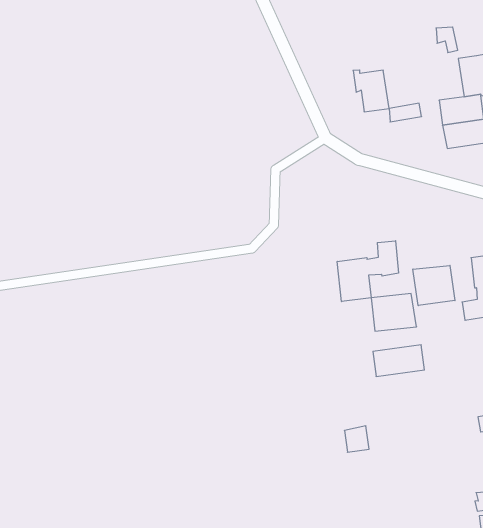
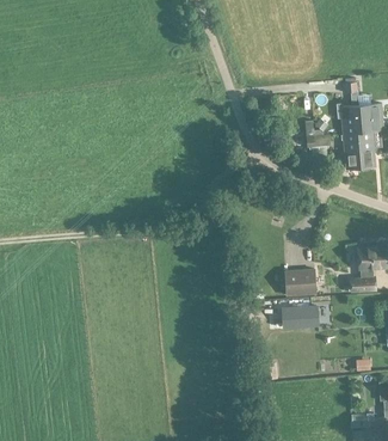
building: [353,70,389,112] -> [337,103,361,133]
building: [337,241,398,302] -> none
building: [413,265,455,306] -> none

